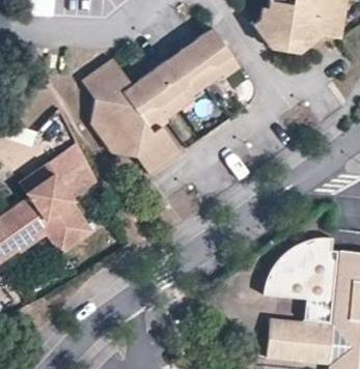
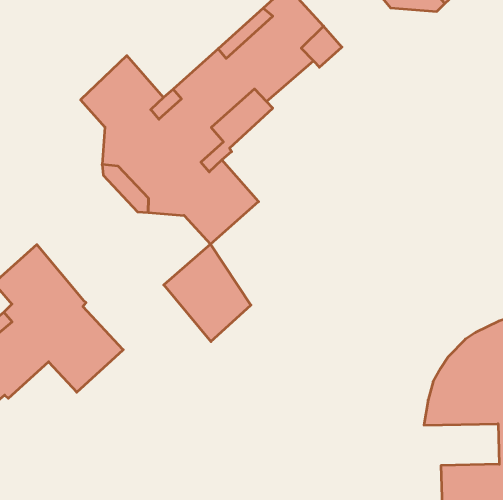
building: [48,143,98,200] -> [164,244,251,342]

